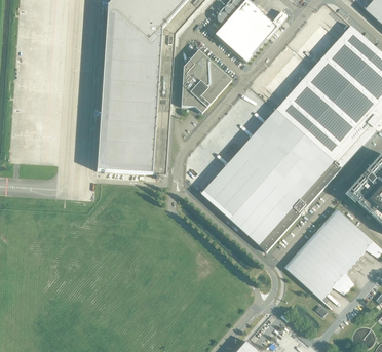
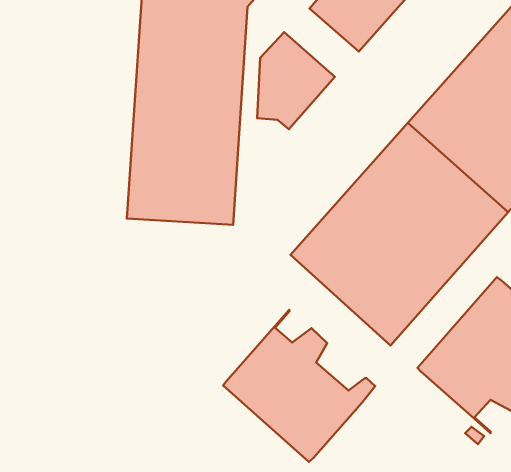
building: none -> [223,310,375,462]

